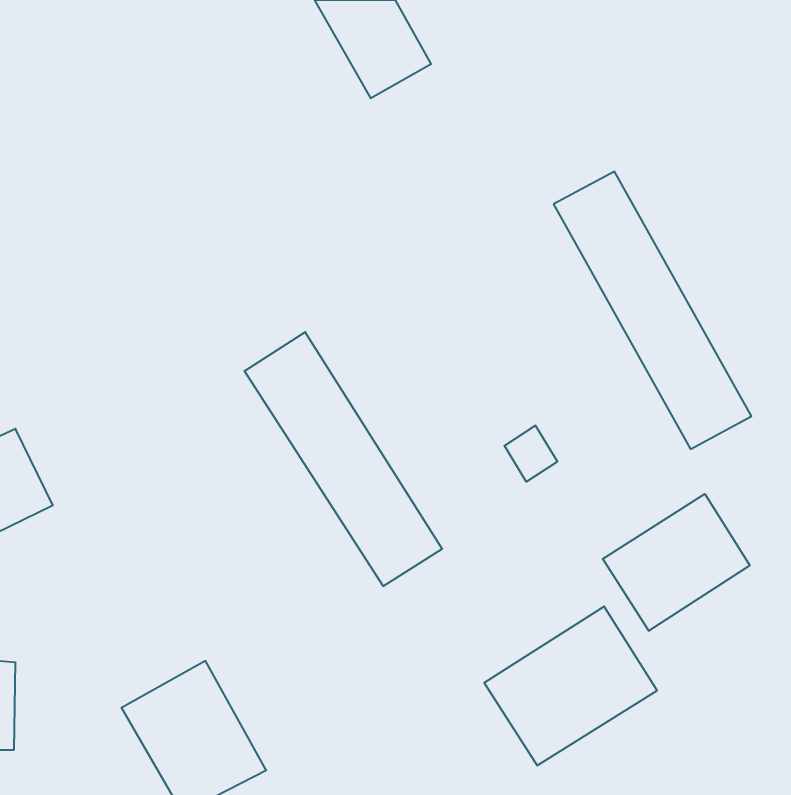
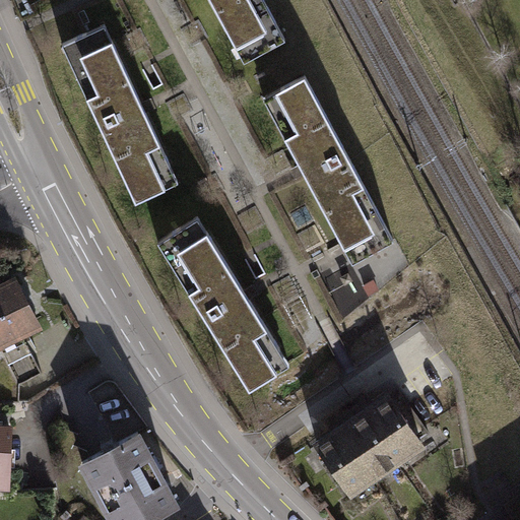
building: none -> [65,34,173,201]
building: [554,172,751,449] -> [261,78,390,259]
building: [603,494,750,631] -> none

